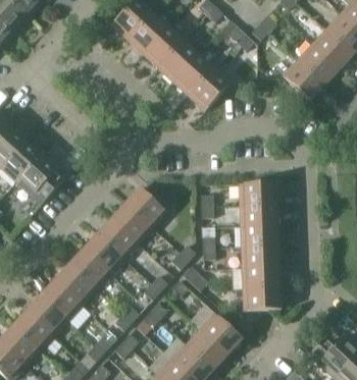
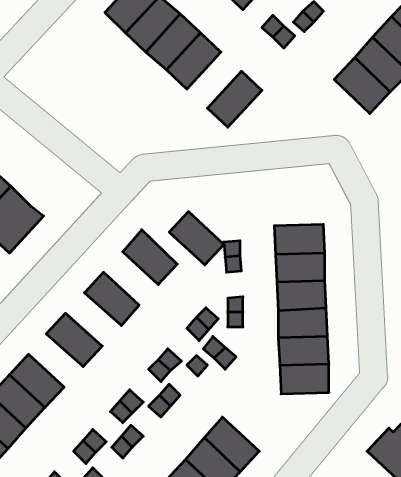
building: [172,54,213,96] -> none
building: [110,203,151,242] -> [169,212,224,265]
building: [82,233,123,273] -> none
building: [54,264,95,304] -> none
building: [199,311,241,351] -> none

